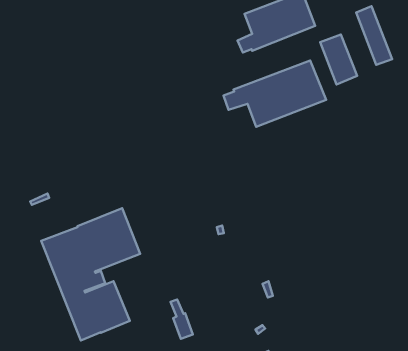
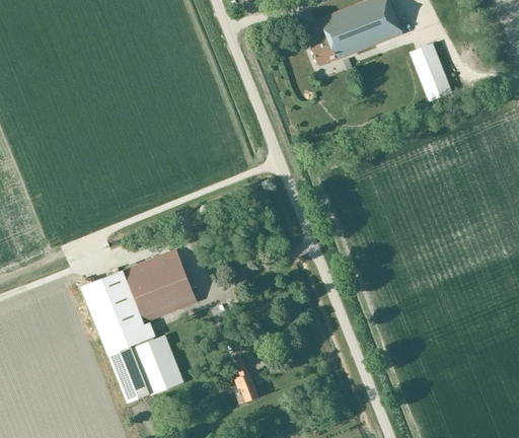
building: [356,6,392,65] -> none
building: [224,60,326,127] -> none

